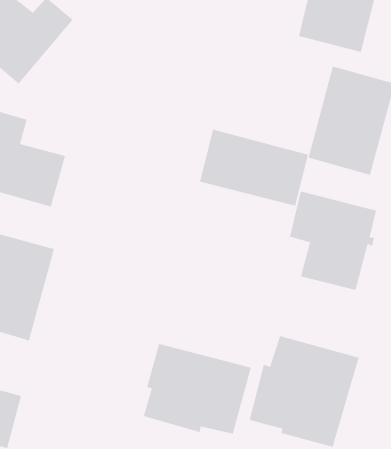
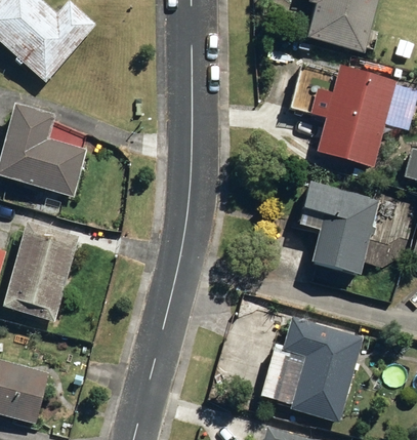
building: [200,129,308,207] -> none
building: [143,343,252,435] -> none

